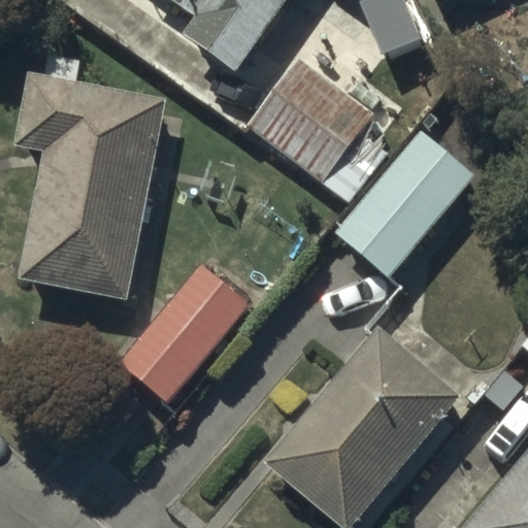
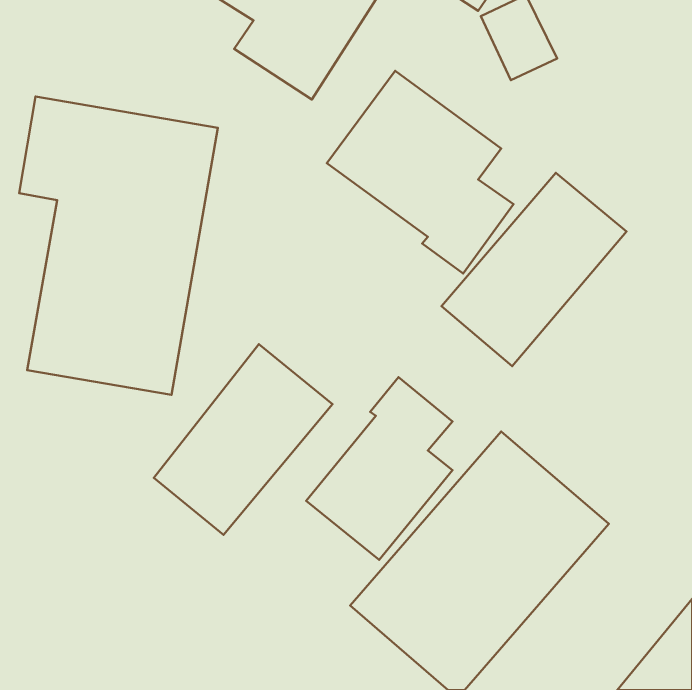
building: none -> [306,377,452,560]

